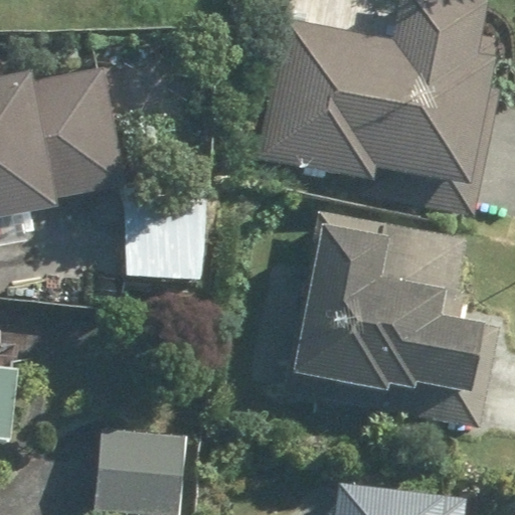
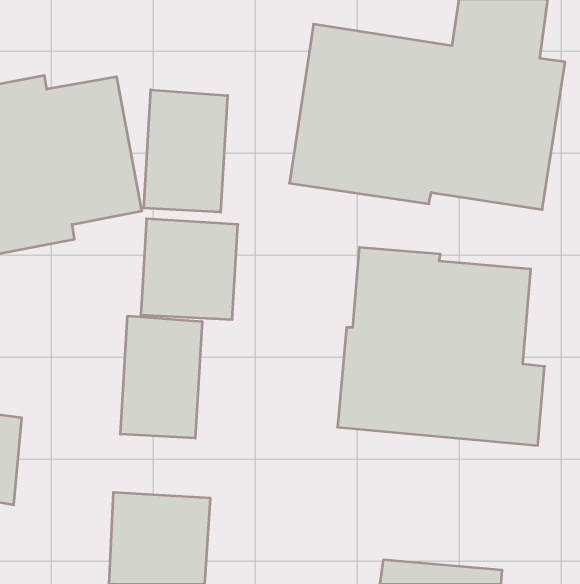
building: none -> [144,90,228,212]
building: none -> [120,316,202,438]

